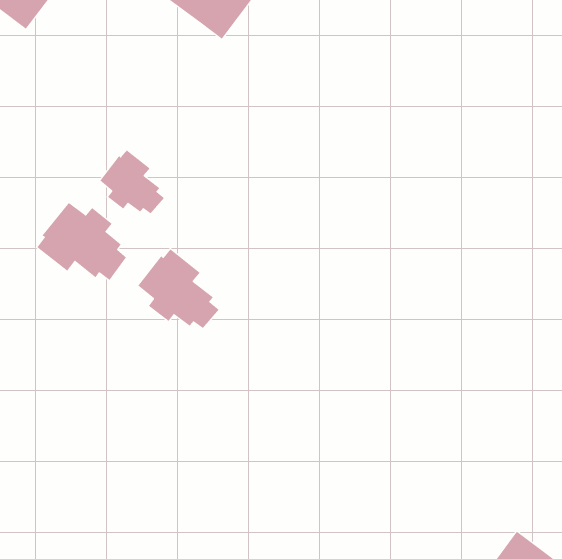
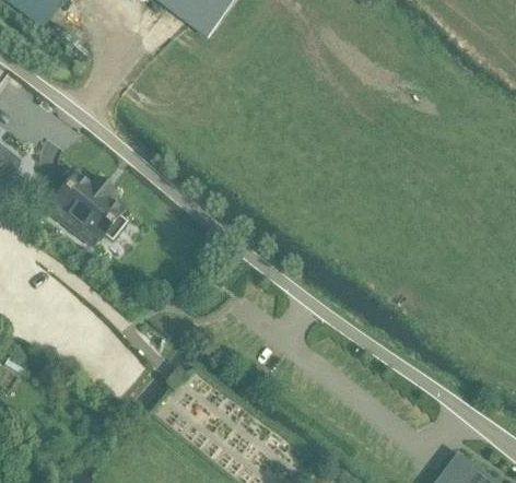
building: [99,149,165,214] -> none
building: [138,249,220,329] -> none

